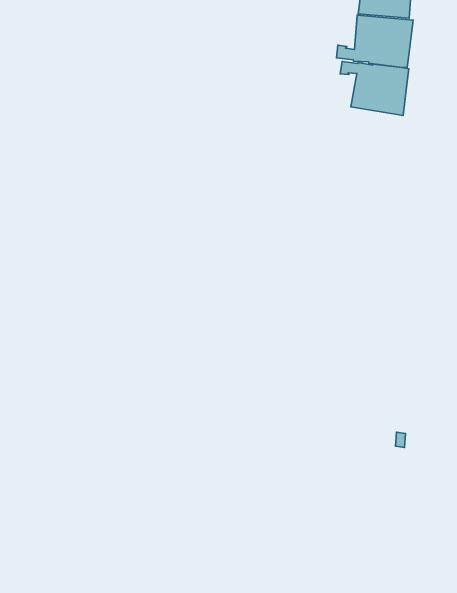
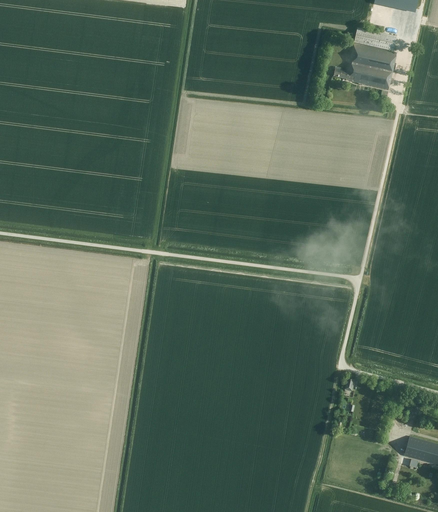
building: [340,61,409,115] -> none

